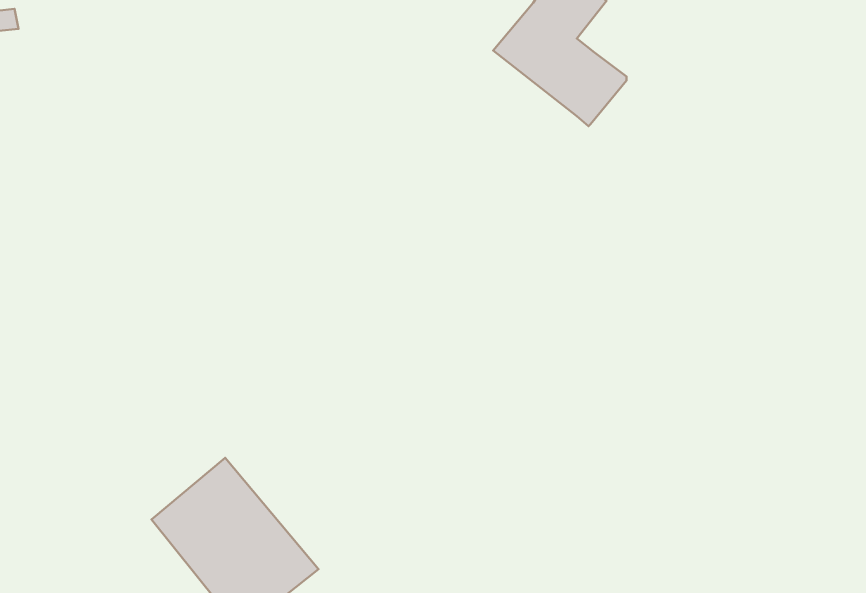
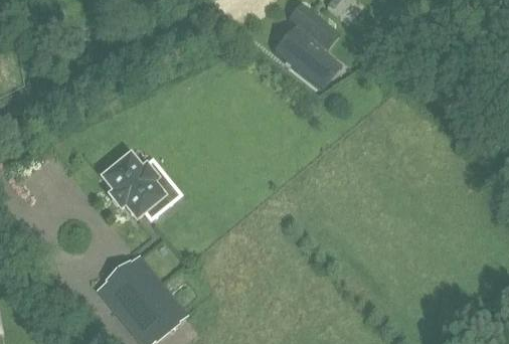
building: none -> [104,154,167,216]

